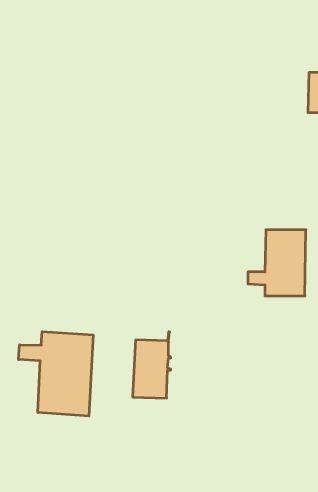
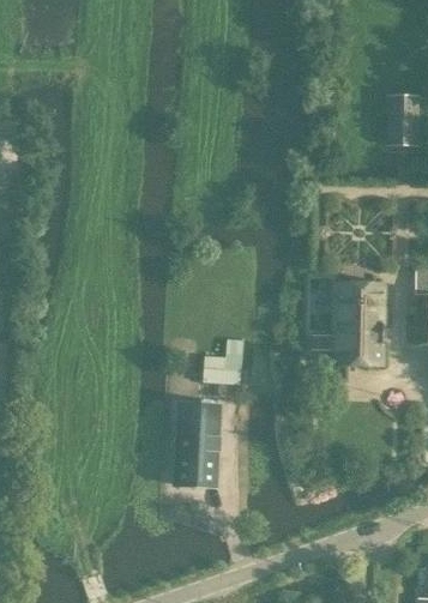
building: none -> [205,340,245,385]
building: [19,332,93,416] -> none

